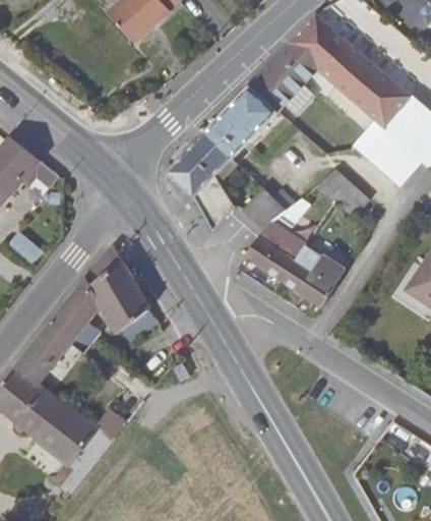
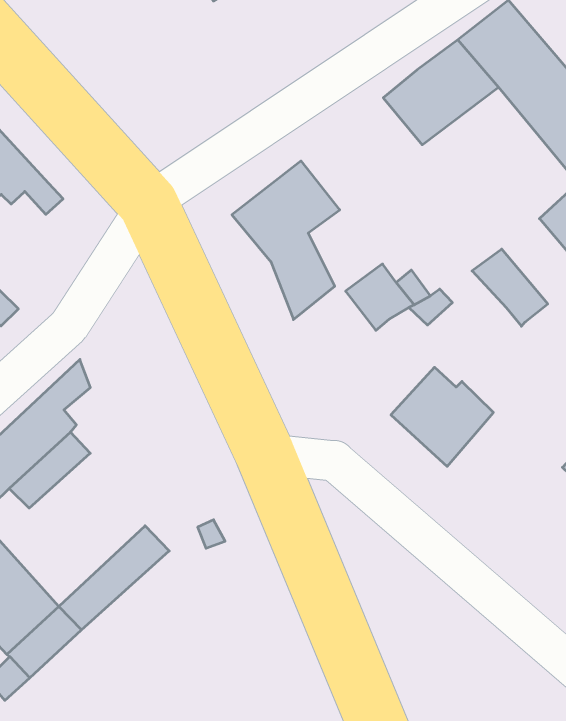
building: [203,85,276,159] -> none
building: [246,222,307,281] -> none
building: [80,244,159,345] -> none

